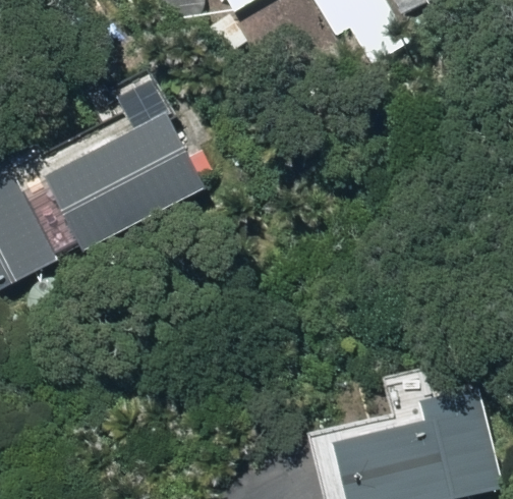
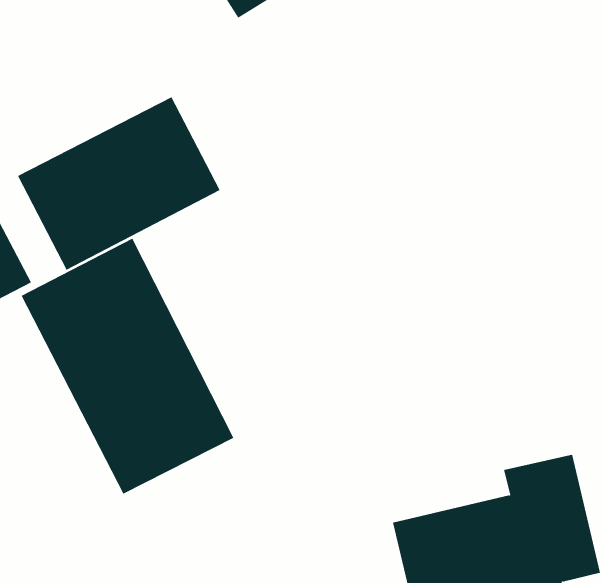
building: none -> [21,238,234,494]

